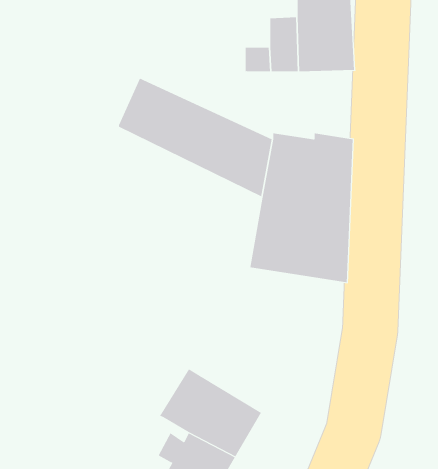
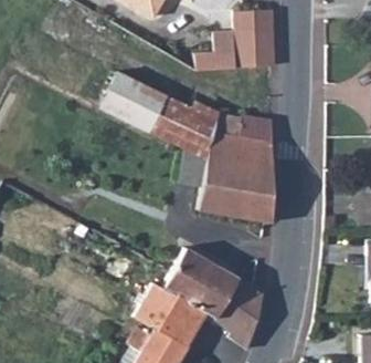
building: none -> [163,248,265,349]

